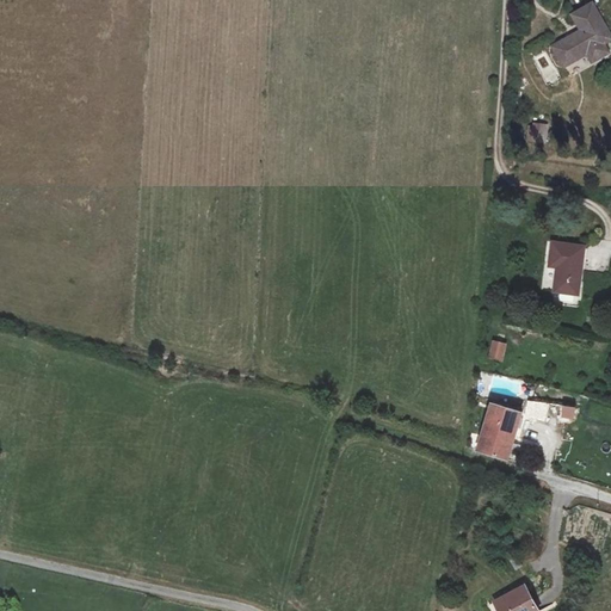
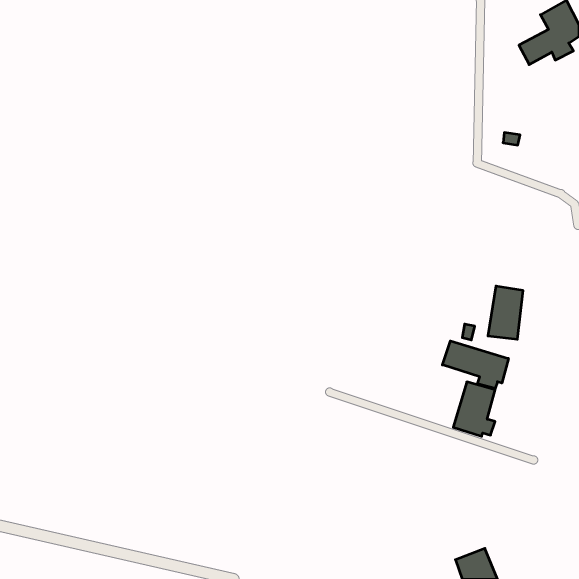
building: [548,240,585,296] -> [488,286,523,339]
building: none -> [442,341,508,389]

